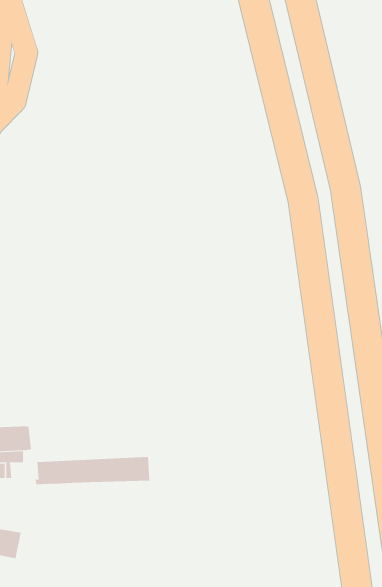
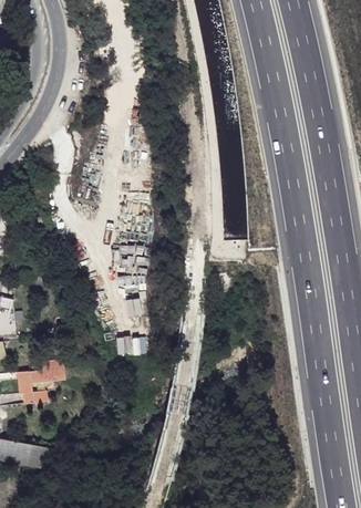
building: [35,456,150,485] -> none

